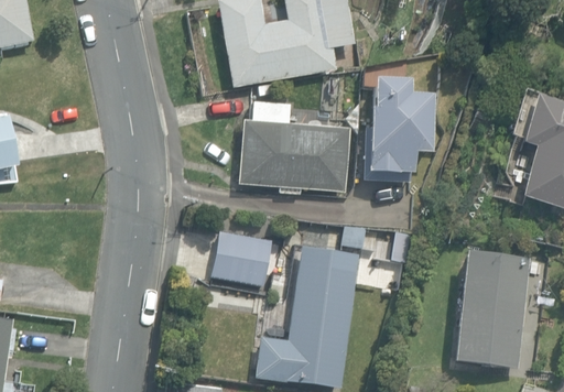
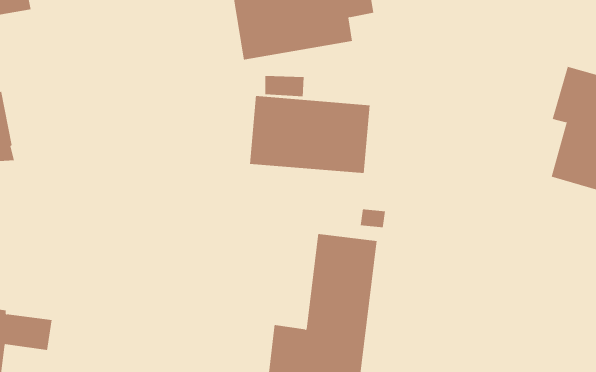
building: [364,79,432,184] -> none
building: [209,227,272,287] -> none
building: [453,249,529,368] -> none

